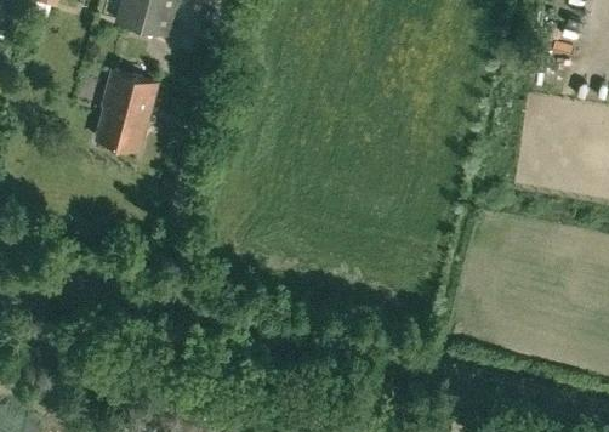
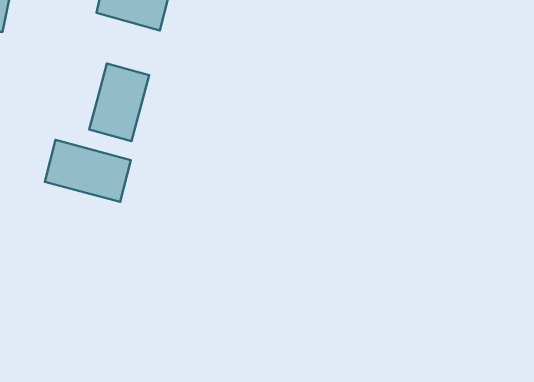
building: none -> [45,140,131,202]

